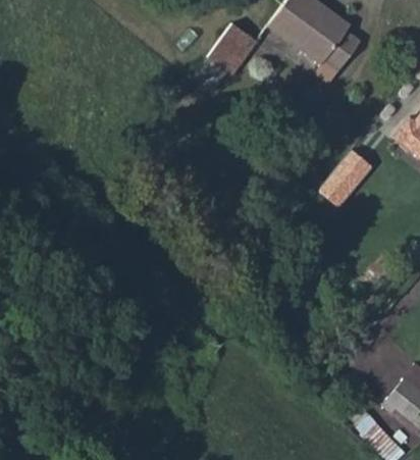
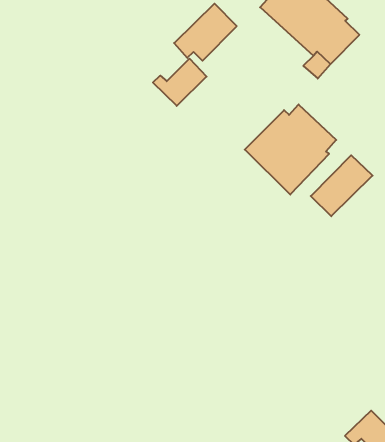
building: none -> [153,59,207,106]
building: none -> [245,104,336,195]

